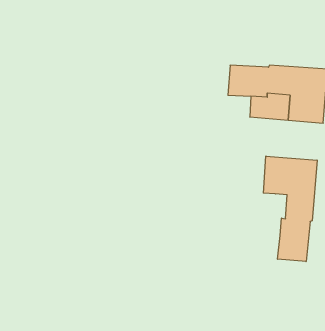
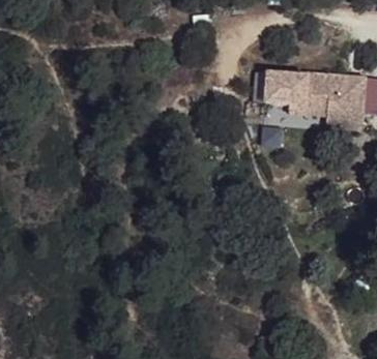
building: [263,156,317,262] -> none

